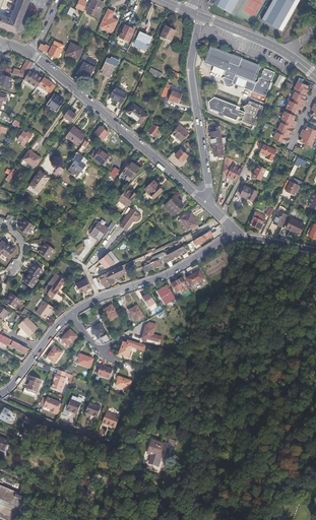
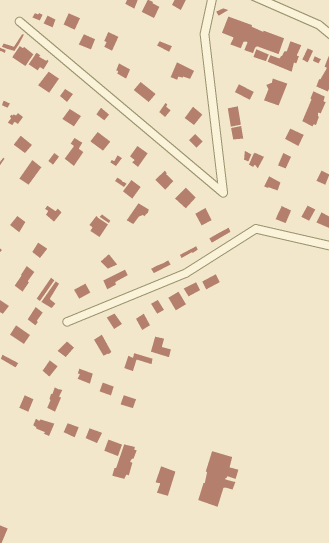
building: none -> [111,443,138,480]
building: none -> [197,450,240,508]

